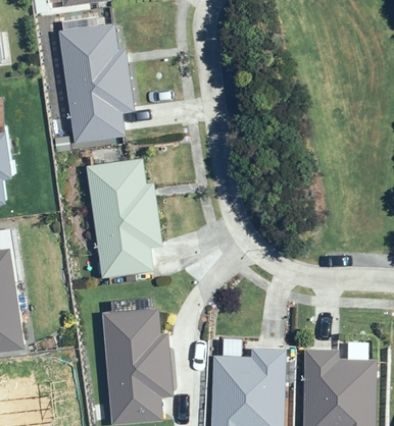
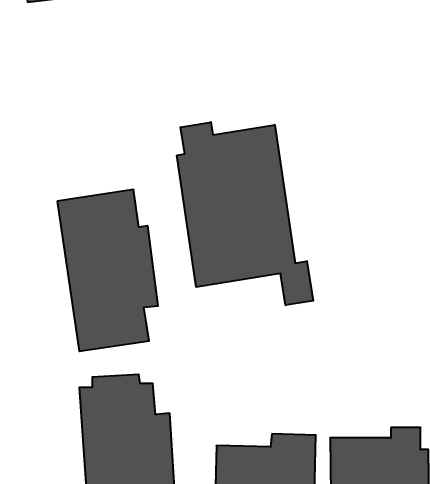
building: [45,18,147,153] -> none
building: none -> [177,122,313,305]

